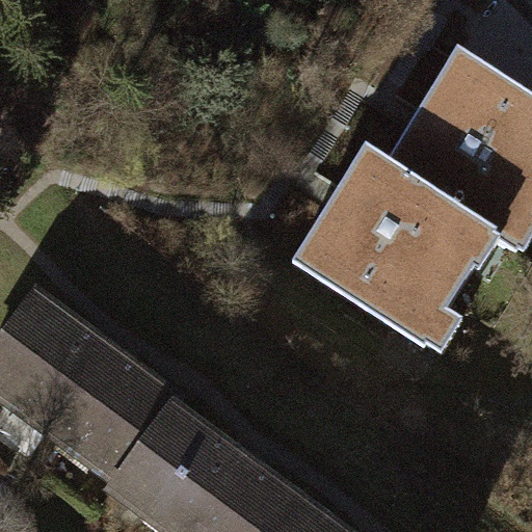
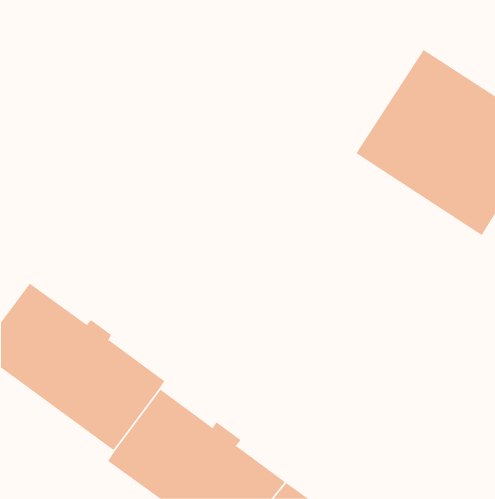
building: [291,150,485,346] -> none

